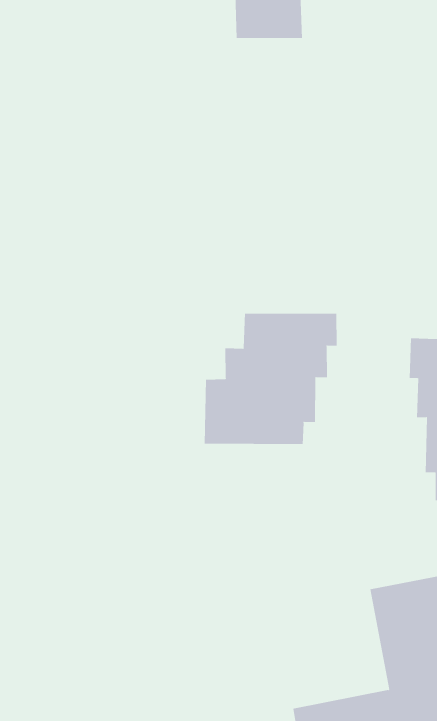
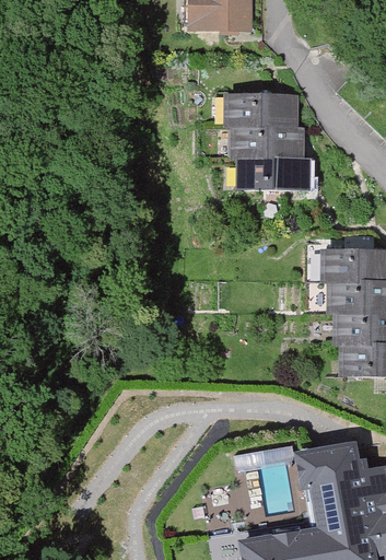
building: none -> [230,107,302,199]
building: [204,313,337,445] -> none

